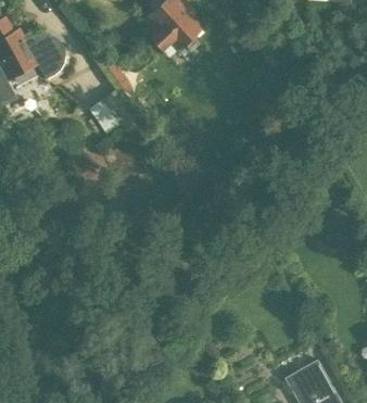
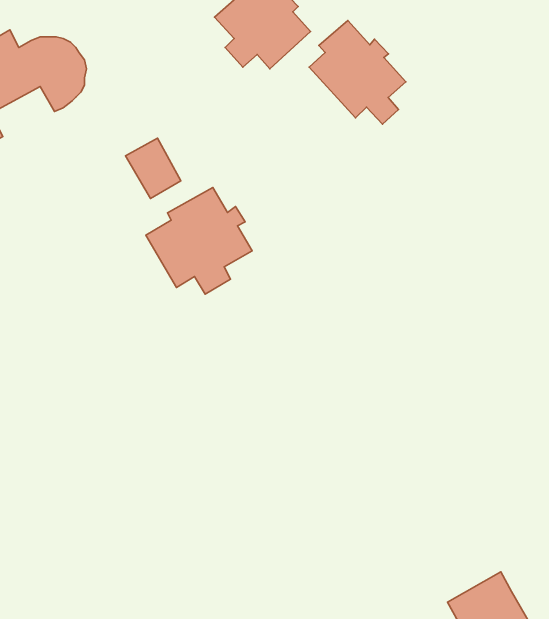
building: none -> [309,21,406,124]
building: none -> [146,187,252,294]

